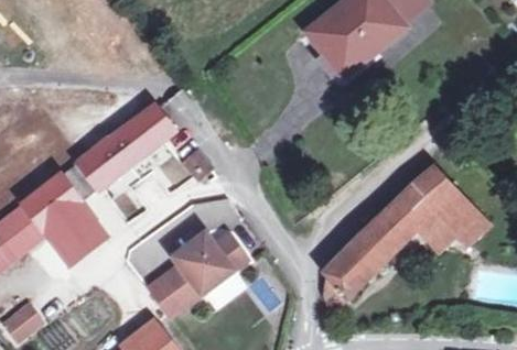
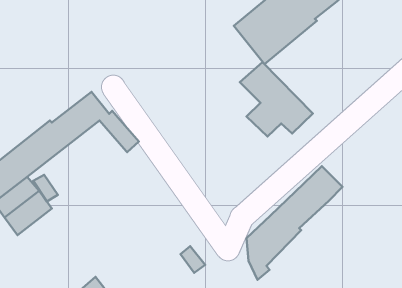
building: [408,166,489,249] -> [240,62,313,136]
building: [163,234,246,306] -> none

